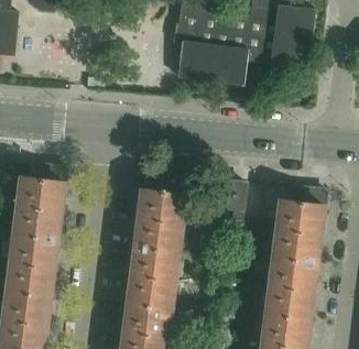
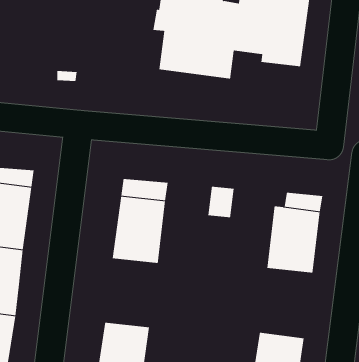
building: [128,248,176,309] -> none
building: [266,257,315,319] -> none

